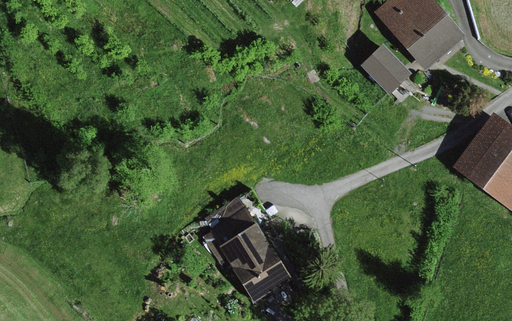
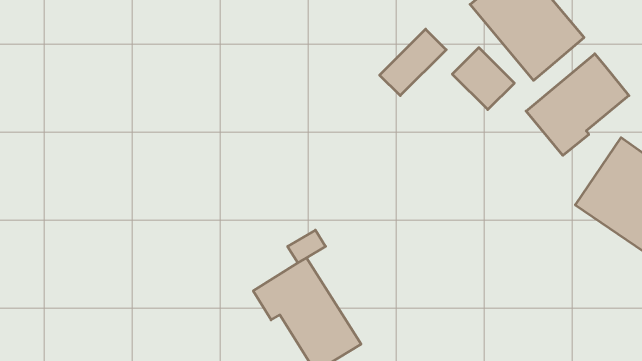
building: none -> [380,29,446,96]
building: none -> [526,54,629,155]

